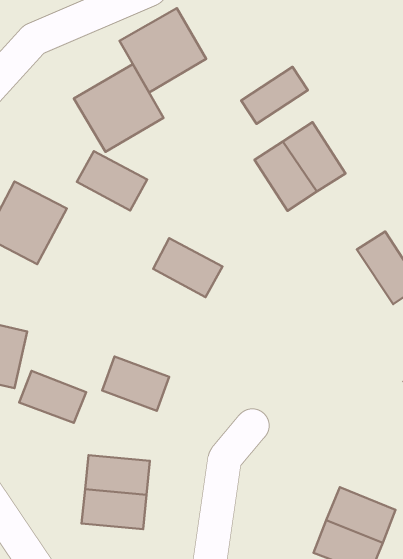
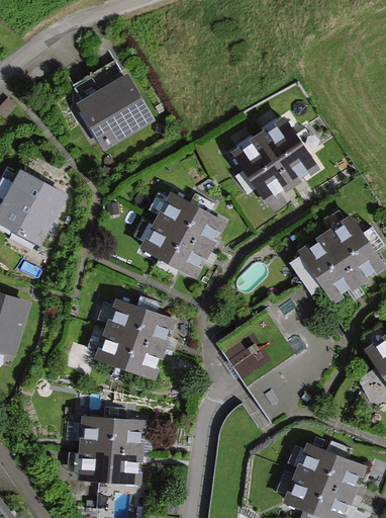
building: [119,8,206,92] -> none
building: [241,67,308,124] -> none
building: [77,151,147,210] -> [158,196,220,249]
building: none -> [300,234,357,298]
building: [19,371,86,423] -> [109,300,169,347]

